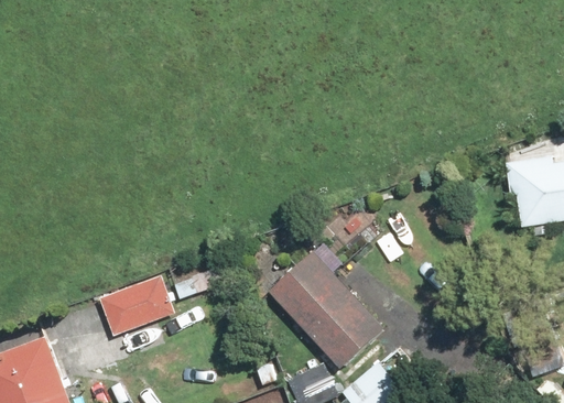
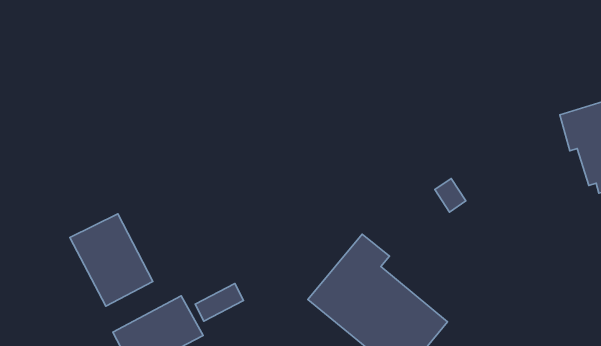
building: none -> [70,214,153,306]

